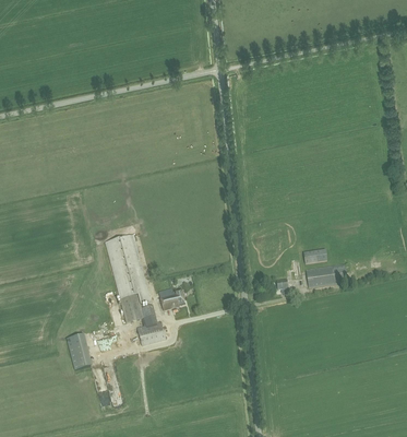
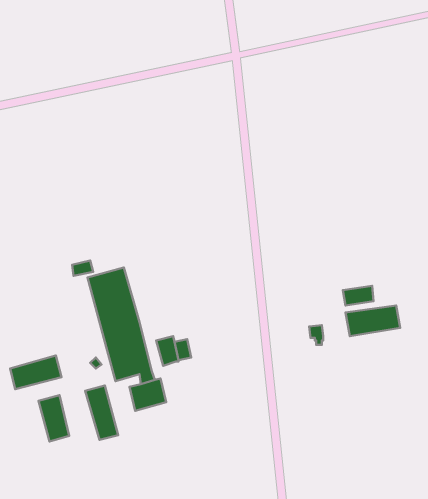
building: none -> [10,355,61,389]
building: none -> [85,385,118,440]

